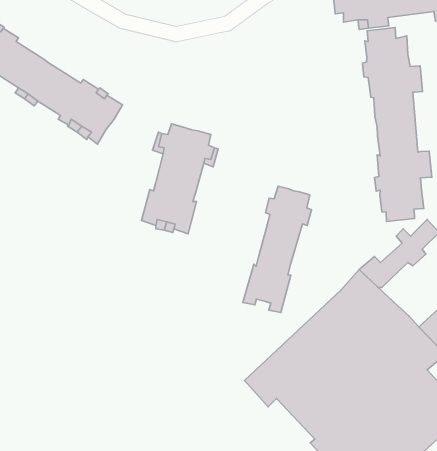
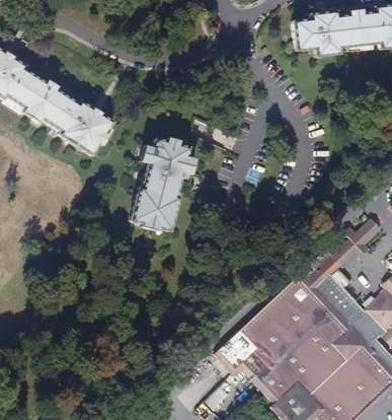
building: [362,28,432,222] -> none
building: [243,186,311,312] -> none

